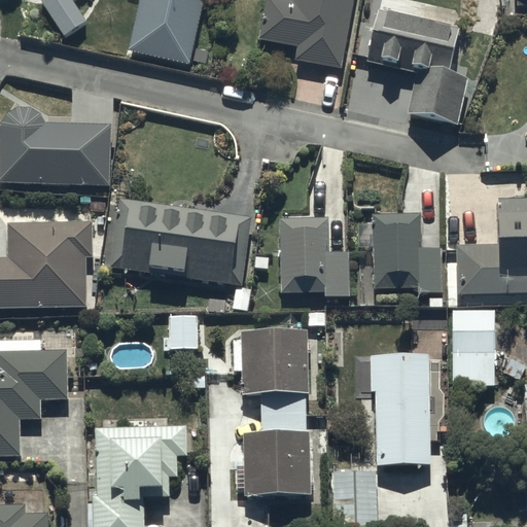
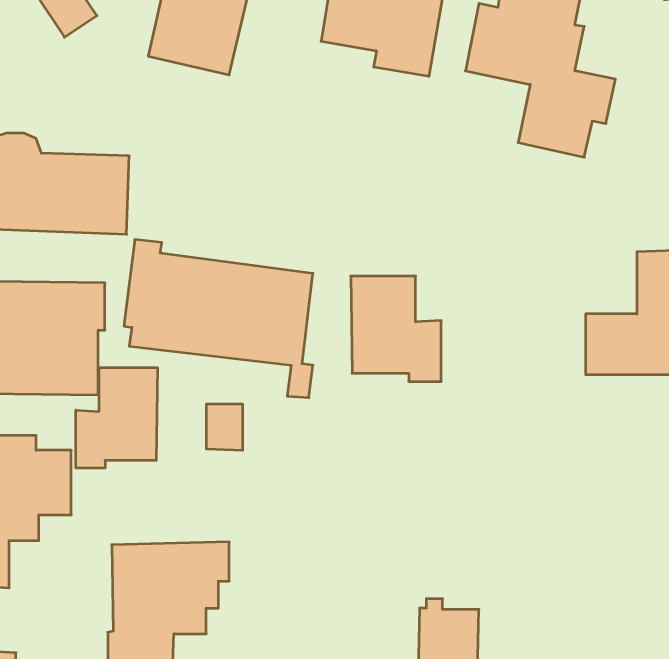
building: [373,213,443,305] -> none
building: none -> [76,368,157,468]
building: [451,310,494,387] -> none
building: [232,330,314,496] -> none
building: [371,356,429,464] -> none

